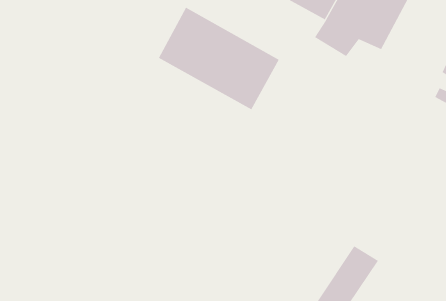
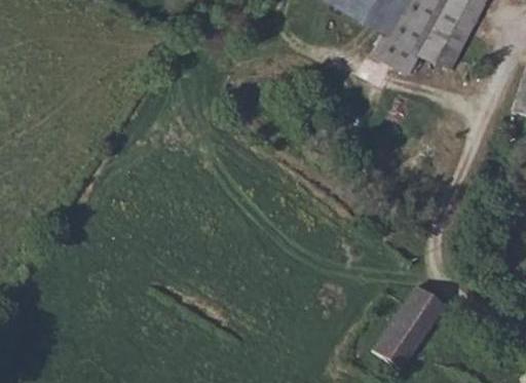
building: [158,7,280,110] -> none

